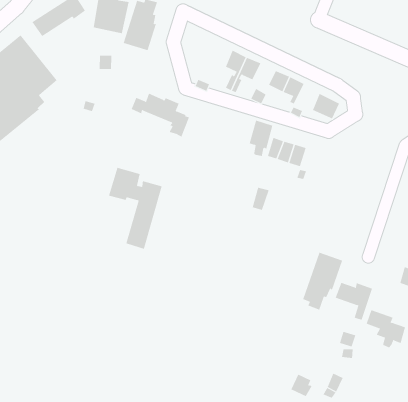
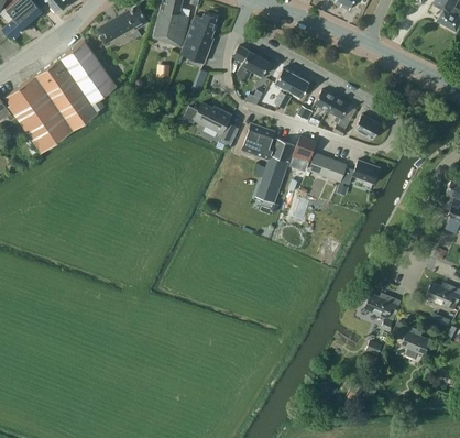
building: none -> [233,45,272,79]
building: none -> [341,160,380,184]
building: [108,167,163,249] -> [242,123,294,202]
building: [303,252,343,311] -> none

